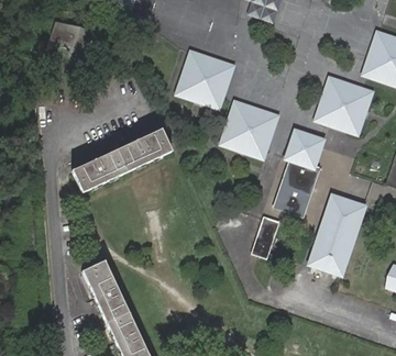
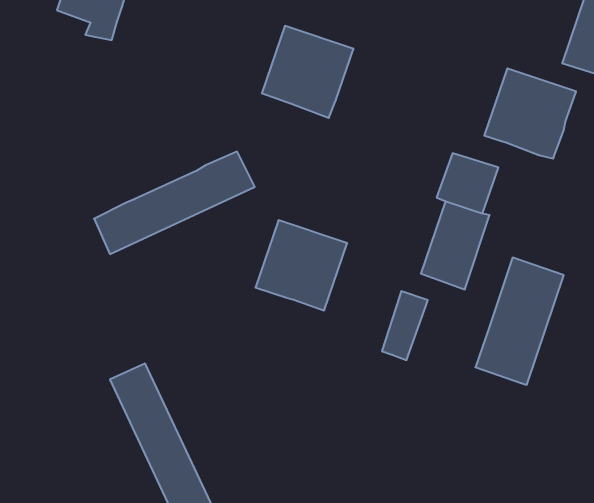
building: [221,101,278,157] -> [255,220,347,310]

